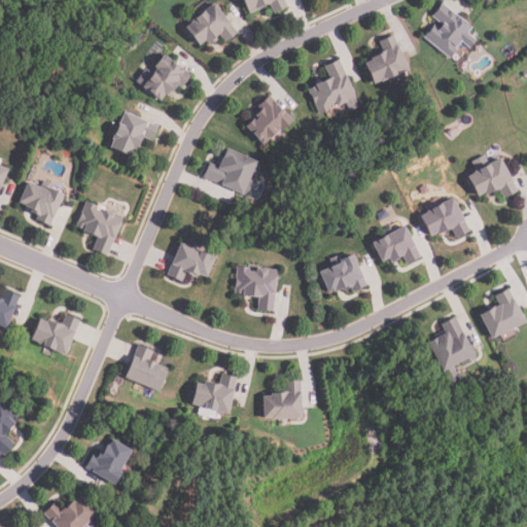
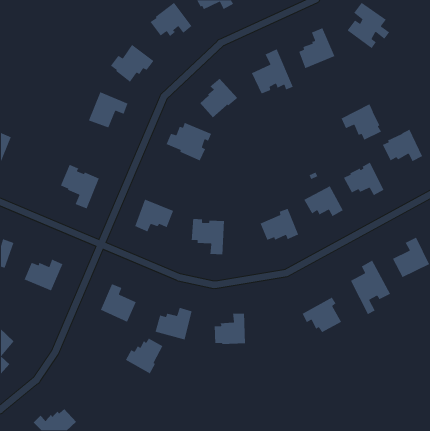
building: none -> [340,103,382,141]
building: [19,179,64,226] -> none
building: none -> [301,297,342,333]
building: [83,440,131,485] -> [125,337,164,375]

